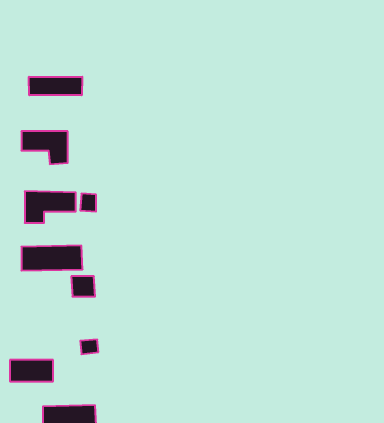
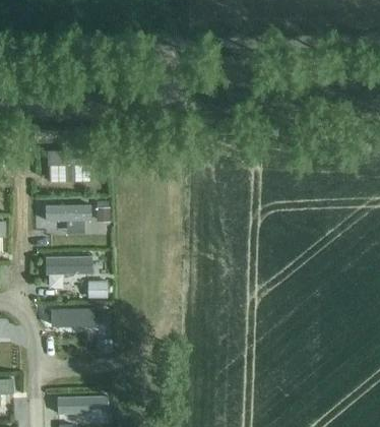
building: [29,77,82,95] -> none
building: [10,360,53,381] -> [55,306,93,325]

